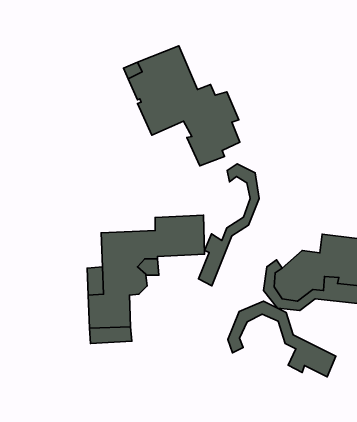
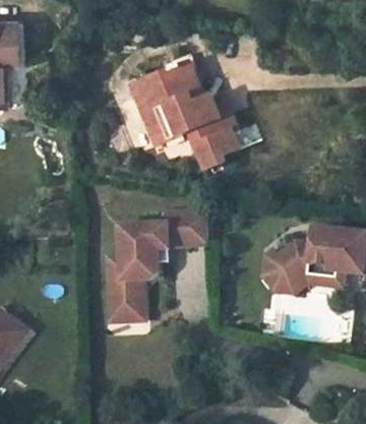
building: [198,164,259,286] -> none
building: [228,301,336,377] -> none

